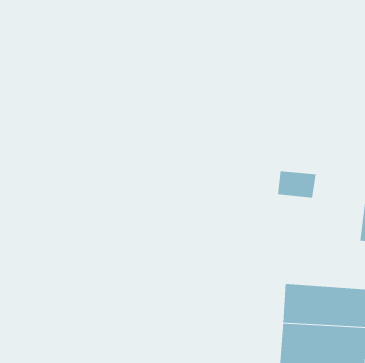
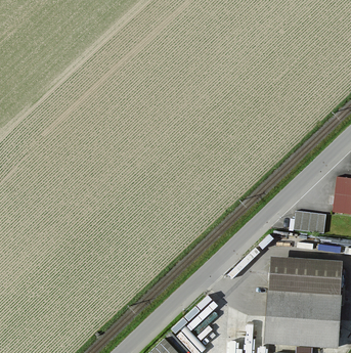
building: [277,171,317,198] -> [293,212,326,235]

